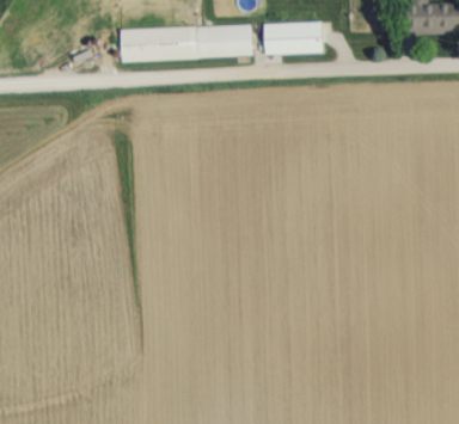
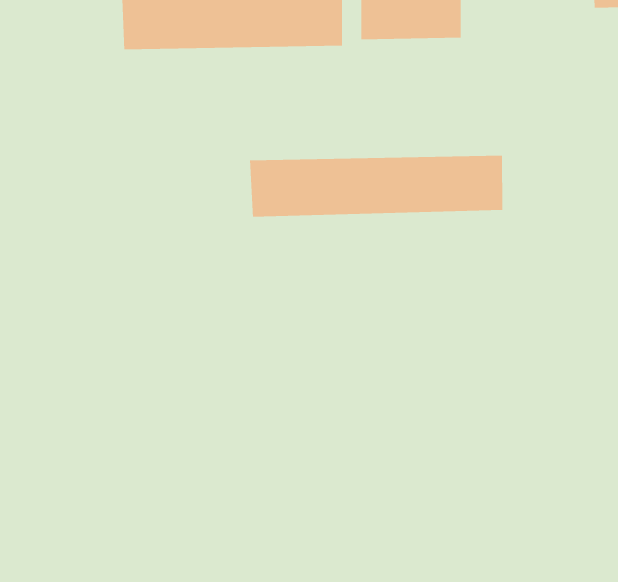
building: none -> [249,155,503,218]

